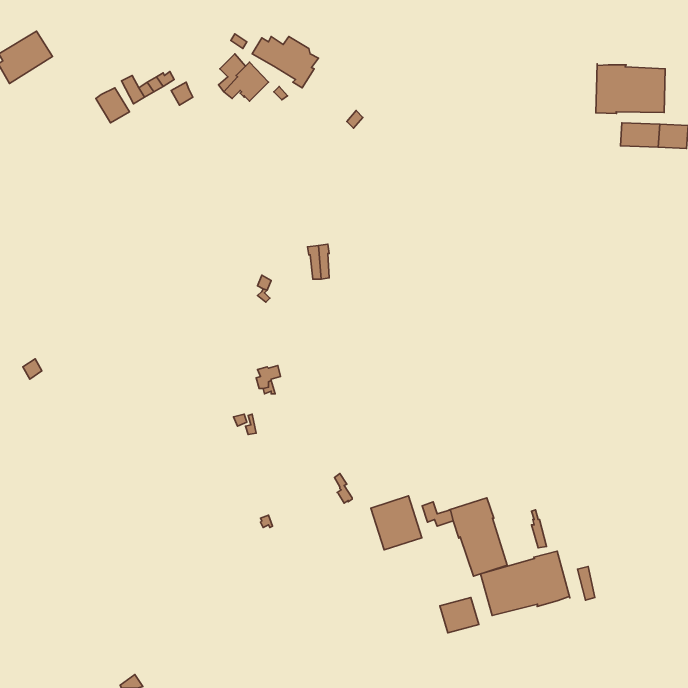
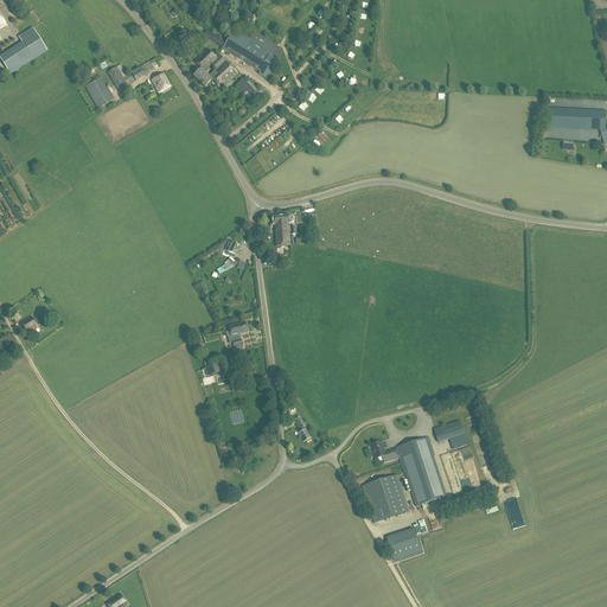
building: [596,64,665,113] -> none
building: none -> [434,421,466,447]
building: [371,496,422,550] -> [363,475,408,523]
building: [481,551,570,616] -> none

